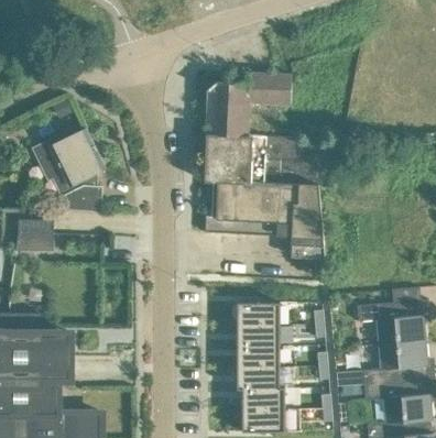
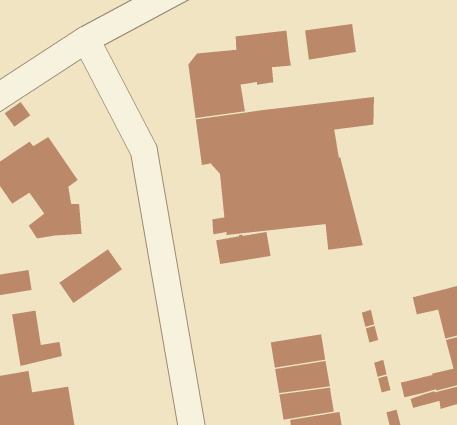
building: none -> [304,23,357,61]
building: none -> [58,248,123,304]
building: none -> [11,310,63,367]
building: [236,300,279,322] -> [215,231,271,265]

